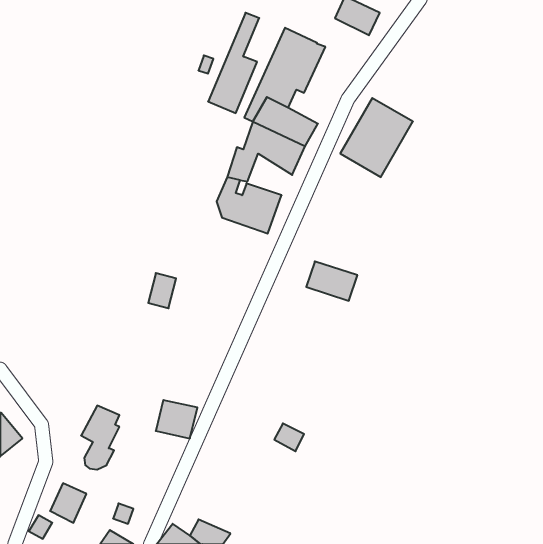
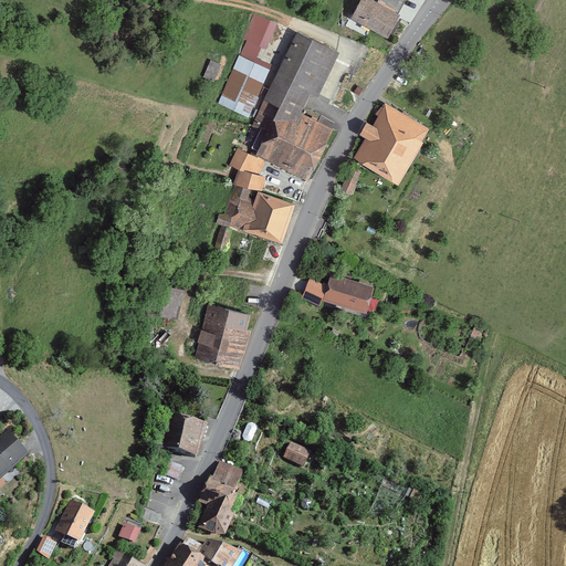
building: none -> [196,304,249,368]
building: [81,406,119,470] -> [199,468,239,534]

